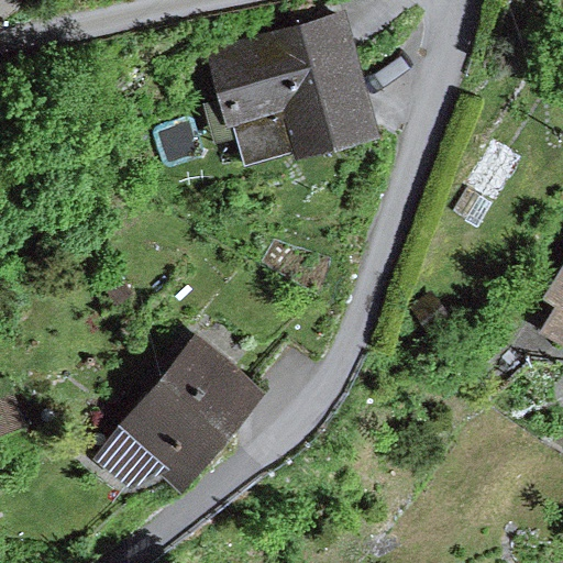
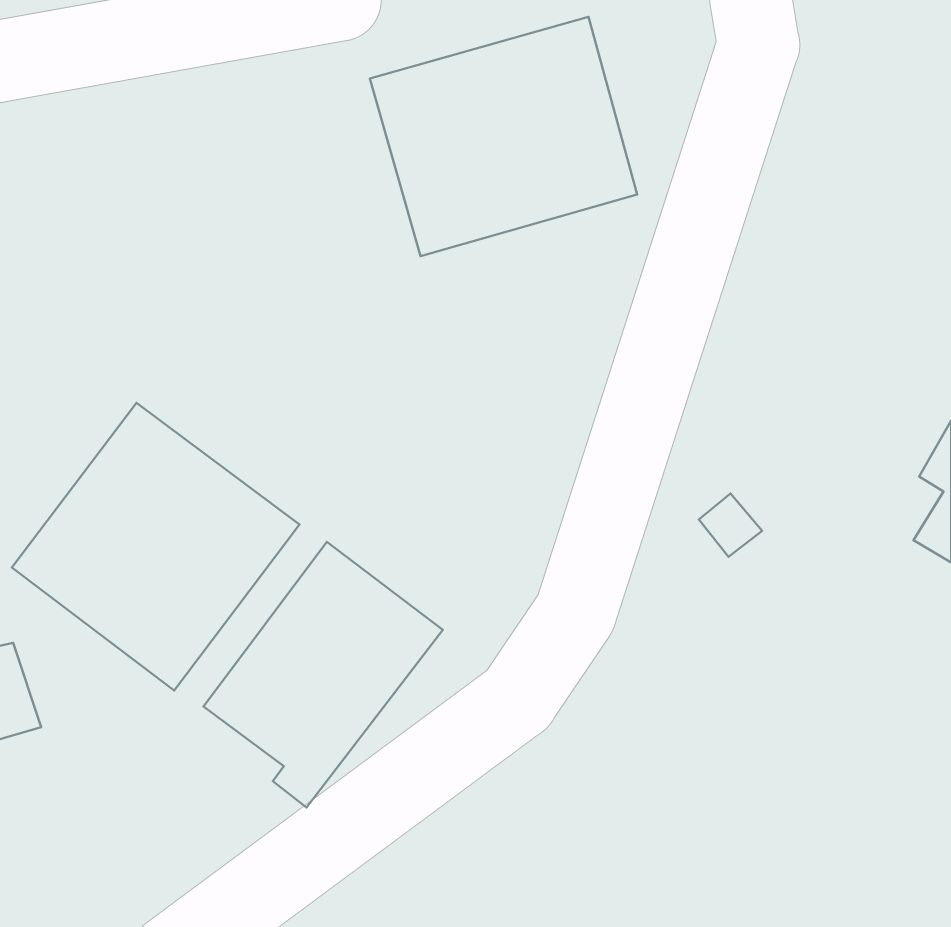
building: none -> [12,403,300,691]

